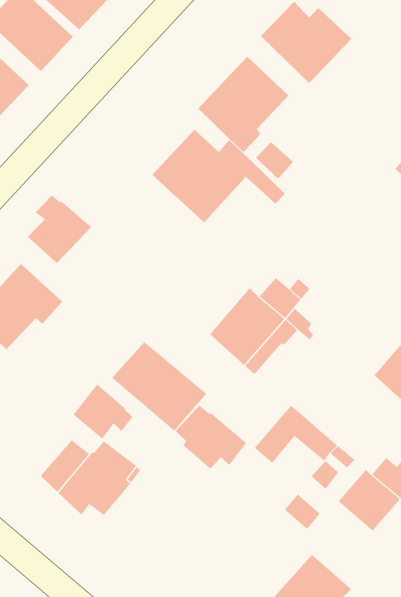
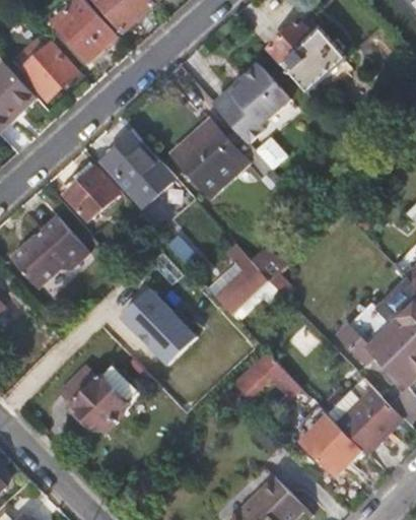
building: none -> [101,134,172,200]
building: [73,383,133,439] -> none
building: [175,404,247,469] -> none

